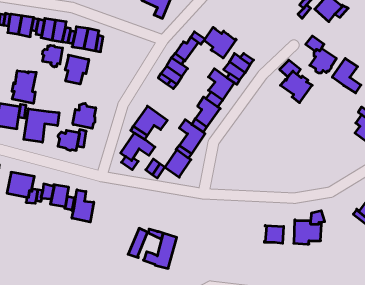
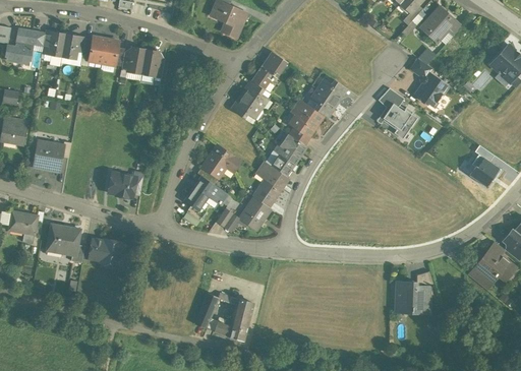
building: [204,27,236,58] -> none
building: [42,45,63,67] -> none
building: [65,55,89,84] -> none
building: [332,58,361,93] -> none
building: [12,71,36,103] -> none
building: [73,103,96,128] -> none
building: [24,109,59,142] -> none
building: [72,190,94,222] -> none
building: [264,225,284,243] -> none

